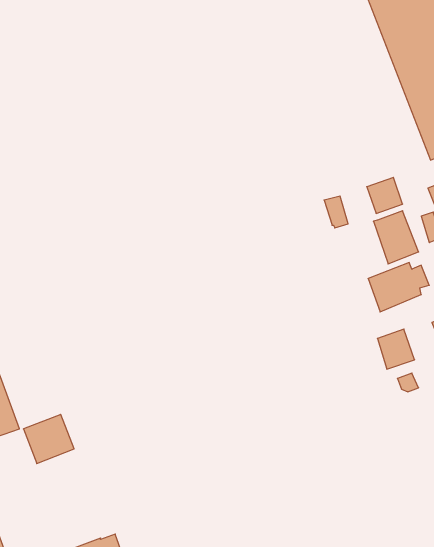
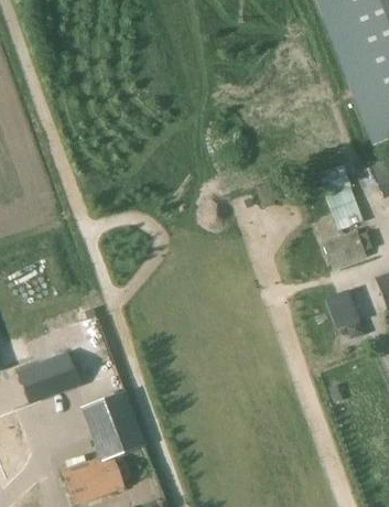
building: none -> [82,393,143,459]

